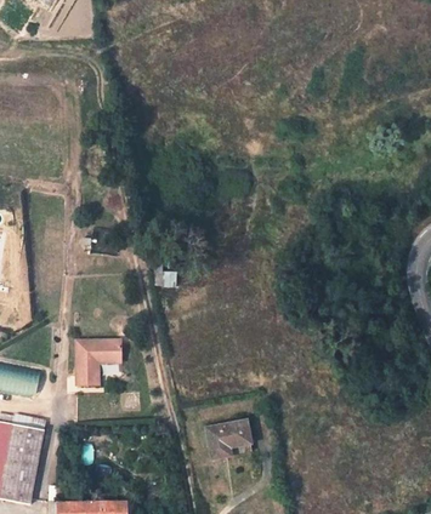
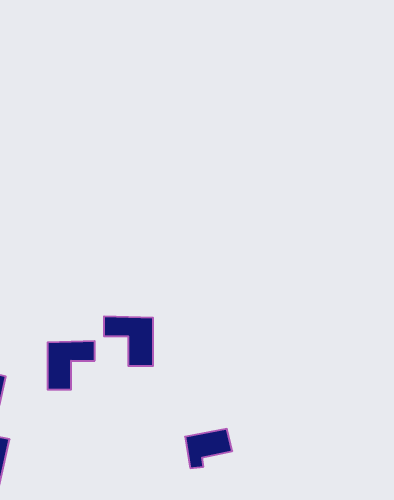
building: none -> [104,316,153,366]

